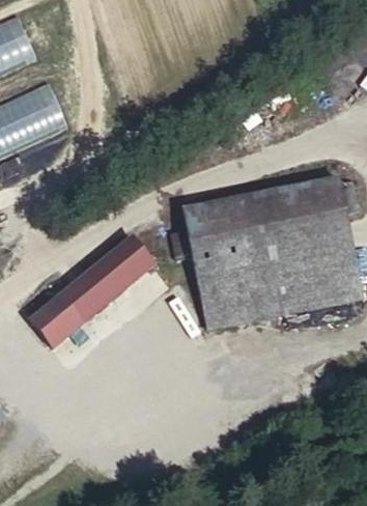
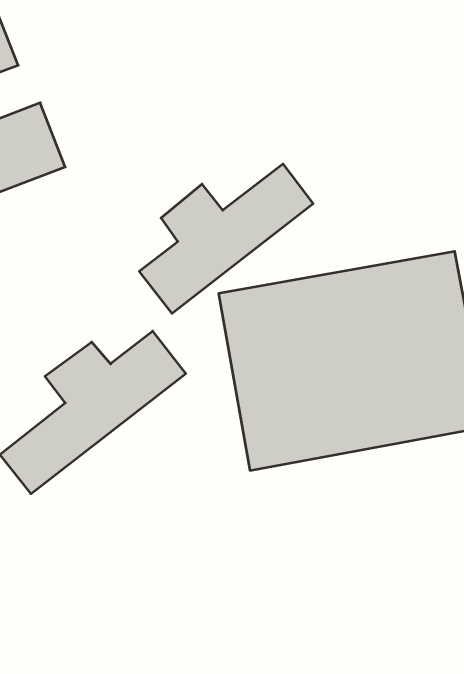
building: none -> [139,164,313,313]

